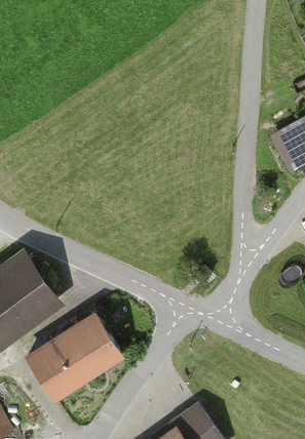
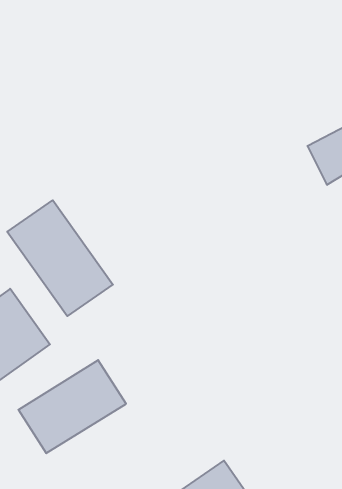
building: none -> [7,200,113,316]

